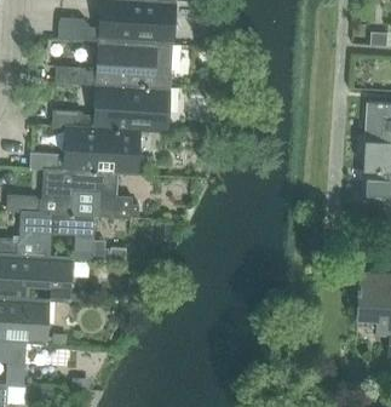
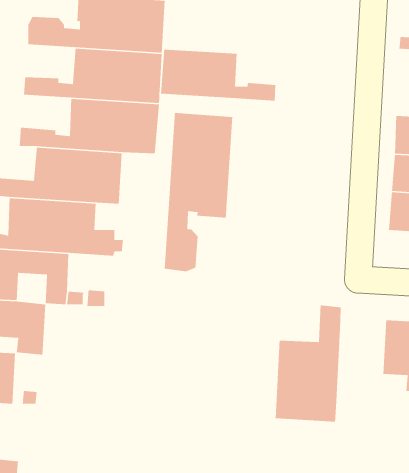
building: none -> [160,49,276,102]
building: none -> [164,112,233,272]
building: none -> [275,305,342,423]

